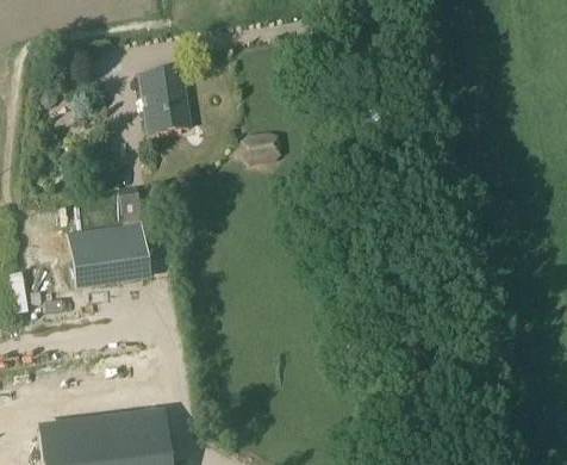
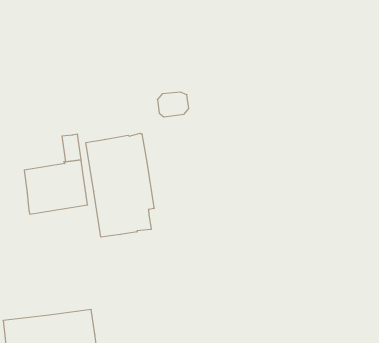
building: [141,69,189,131] -> none
building: none -> [86,133,154,237]

